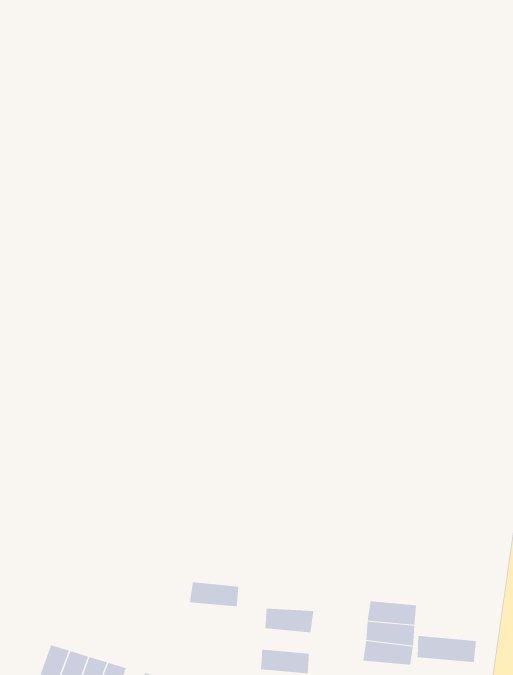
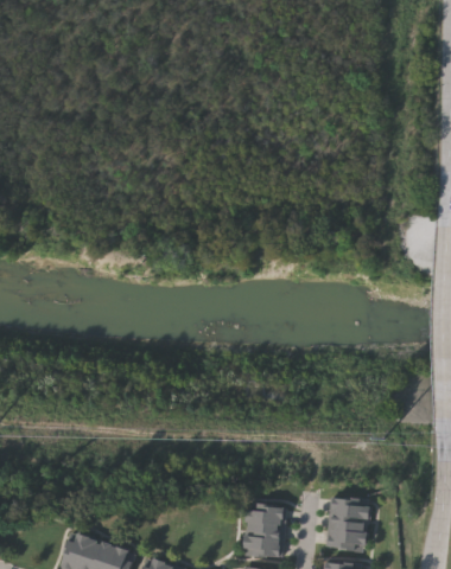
building: [189,582,239,607] -> [243,522,284,542]
building: [417,635,477,663] -> none

